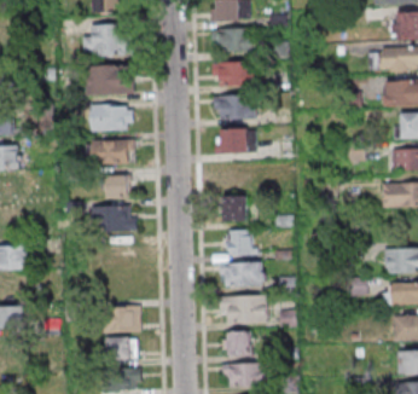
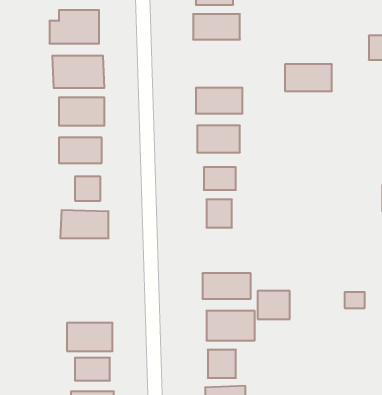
building: [211,62,254,86] -> [285,64,332,91]
building: [226,230,255,255] -> [258,291,290,319]

